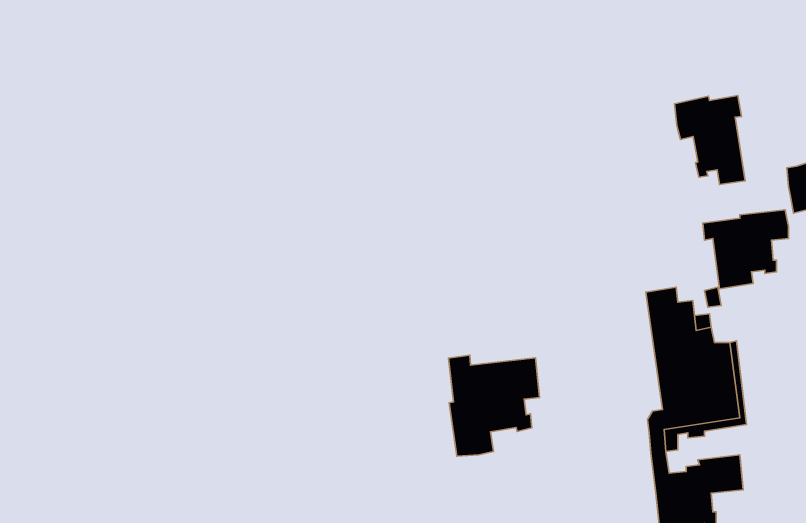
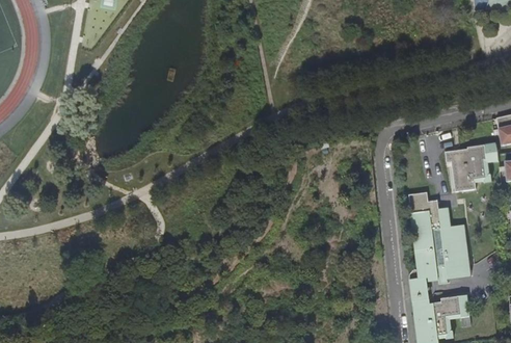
building: [674,96,745,185] -> none
building: [448,355,539,456] -> none

